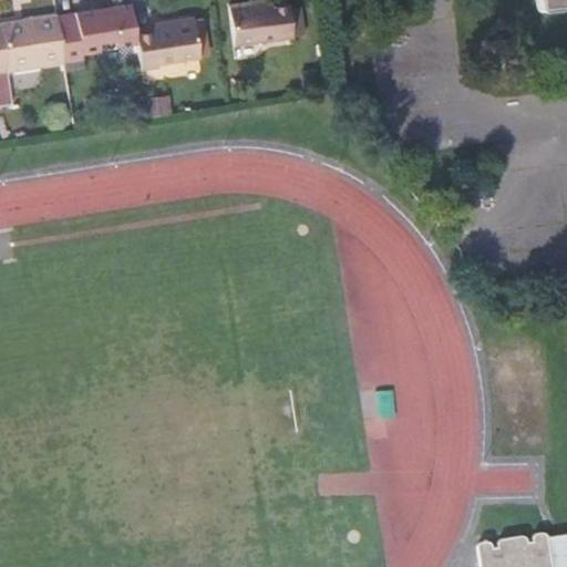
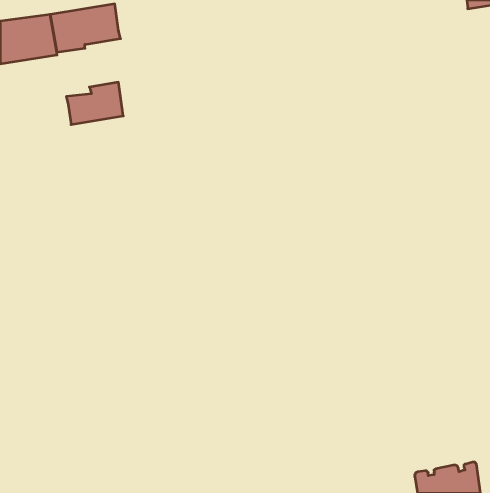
building: [219,6,284,48] -> none
building: [140,19,205,68] -> [66,82,123,125]

